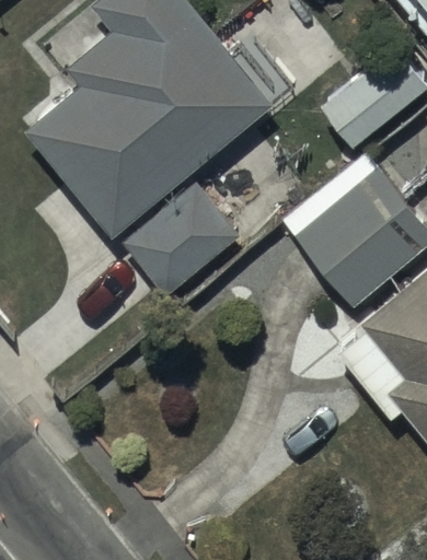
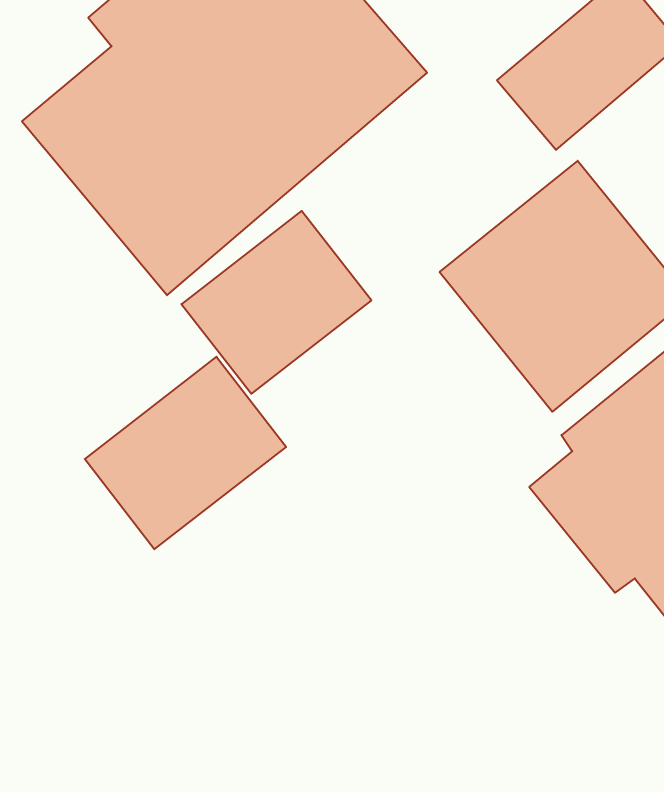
building: none -> [85,357,286,549]

